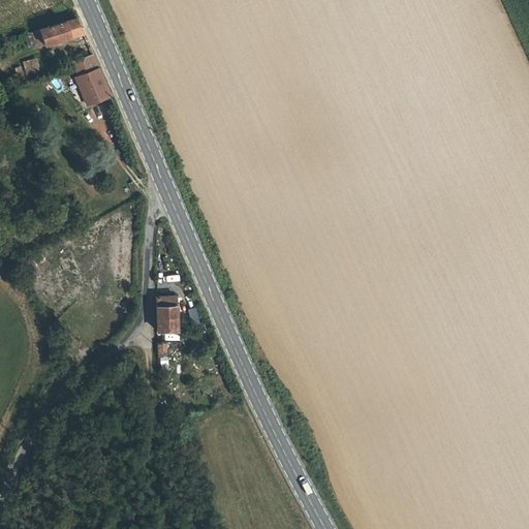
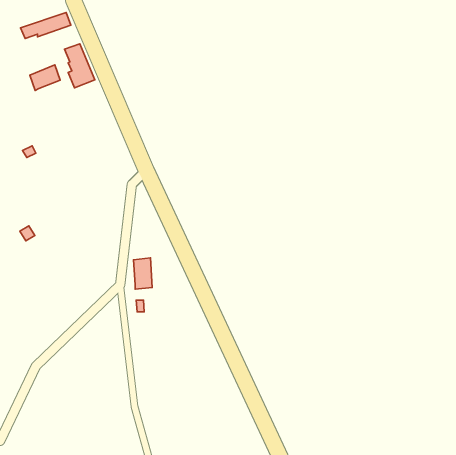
building: none -> [30,65,60,90]

